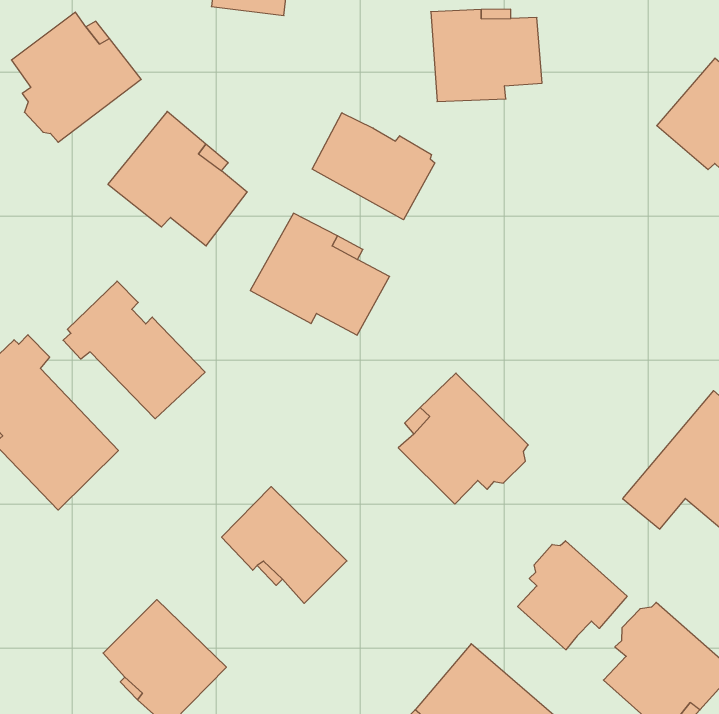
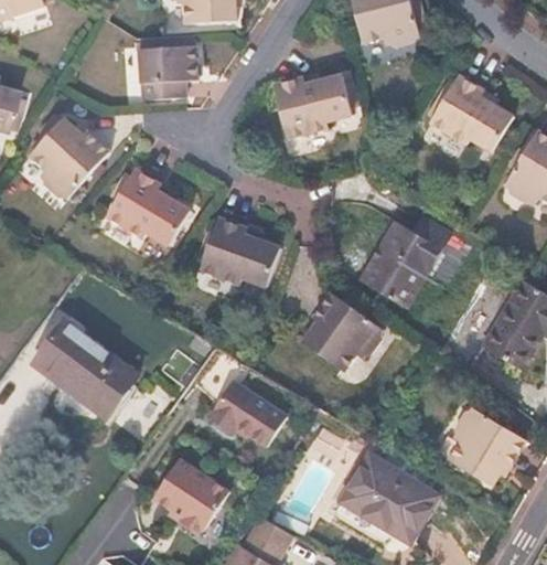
building: [312,113,435,220] -> none
building: none -> [360,217,450,310]
building: [63,281,205,419] -> none
building: [518,541,627,650] -> none

